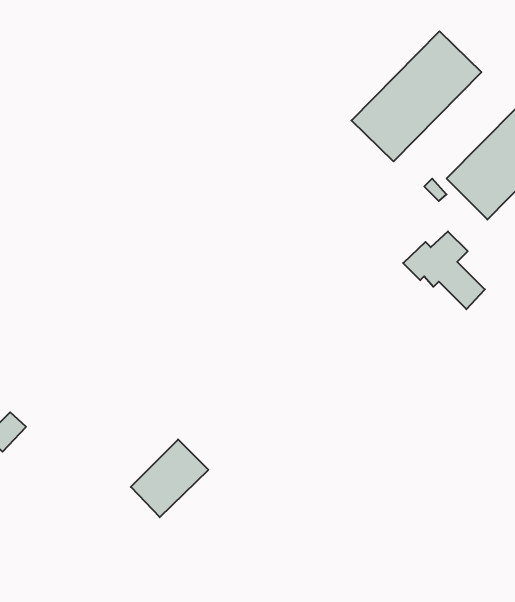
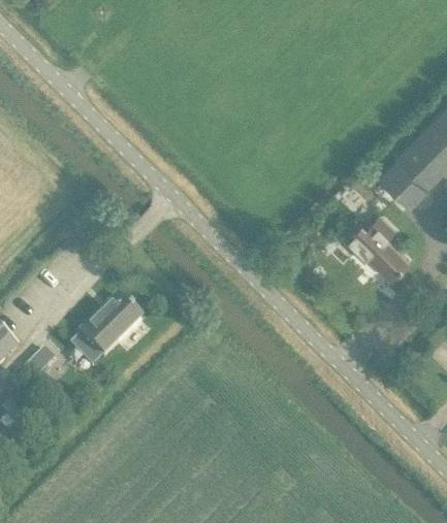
building: [351,31,481,161] -> none
building: [131,439,208,517] -> [81,301,141,362]

